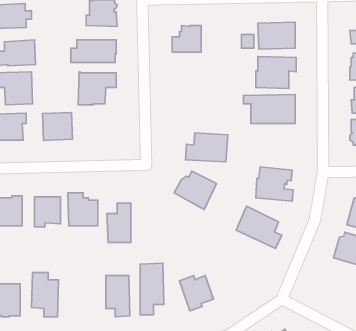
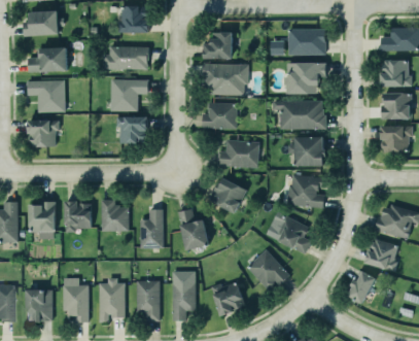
building: none -> [204,64,248,96]
building: none -> [201,102,236,128]
building: [42,112,72,140] -> [118,116,148,144]
building: none -> [287,137,323,166]
building: none -> [176,208,208,251]
building: none -> [246,250,288,288]
building: none -> [348,271,375,304]
building: none -> [99,280,126,322]

